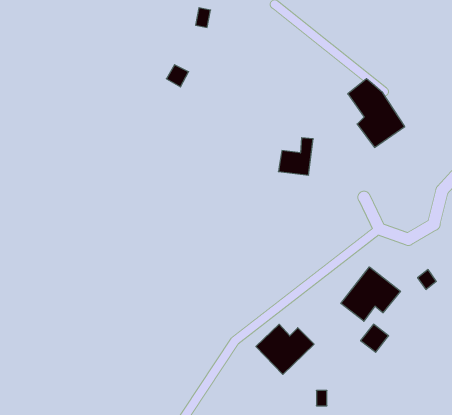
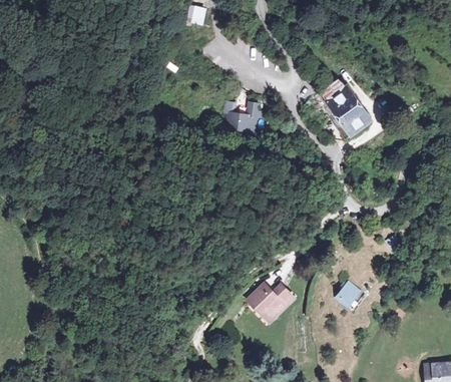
building: [278,138,313,175] -> [228,99,258,131]
building: [341,267,400,321] -> none

